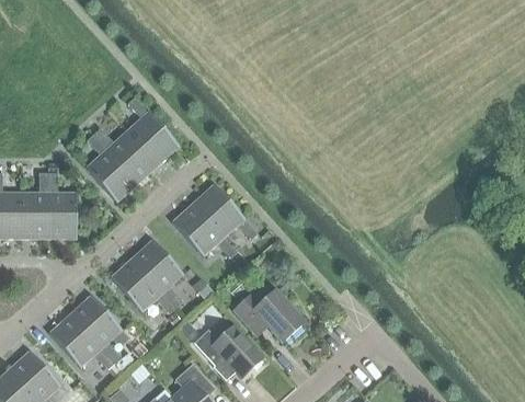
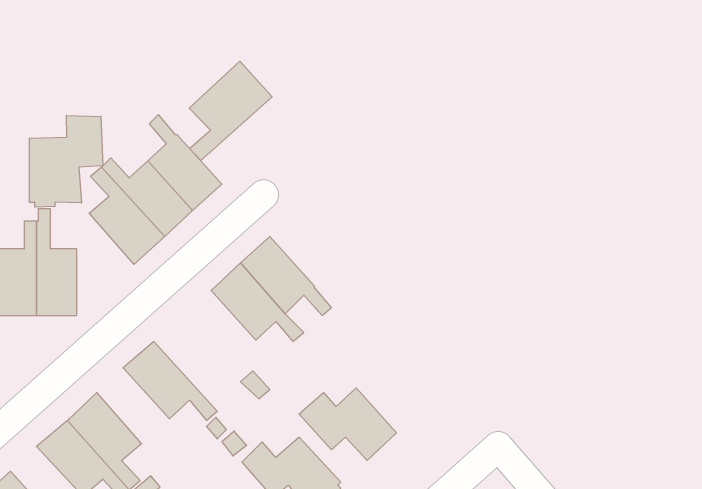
building: none -> [189,61,272,161]
building: none -> [30,115,103,207]
building: [132,239,184,307] -> none

